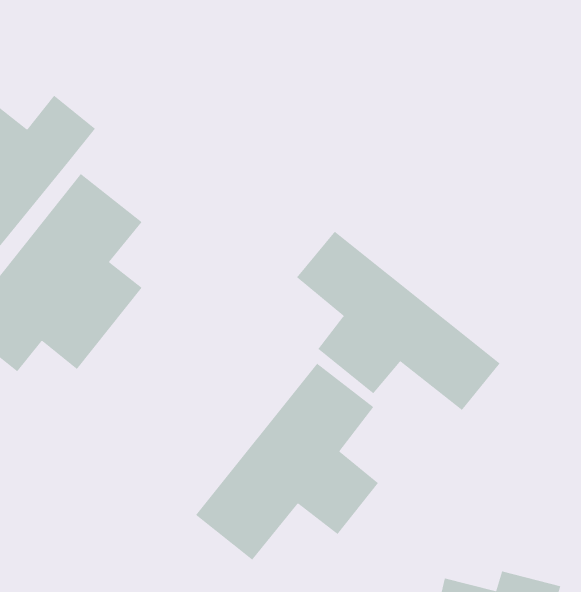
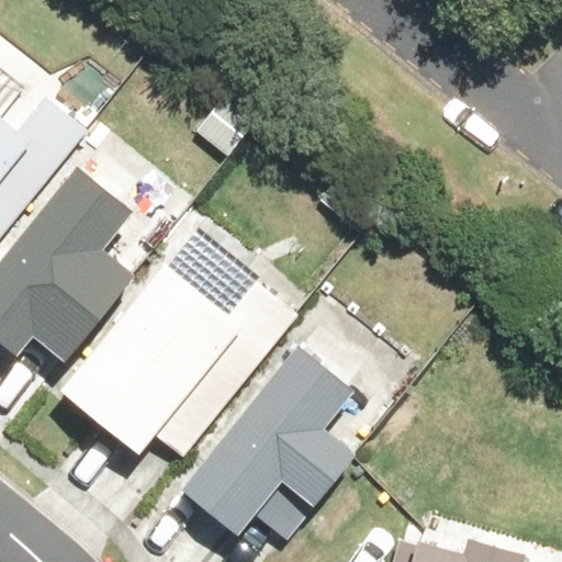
building: [296,231,500,411] -> none
building: none -> [61,262,296,460]

